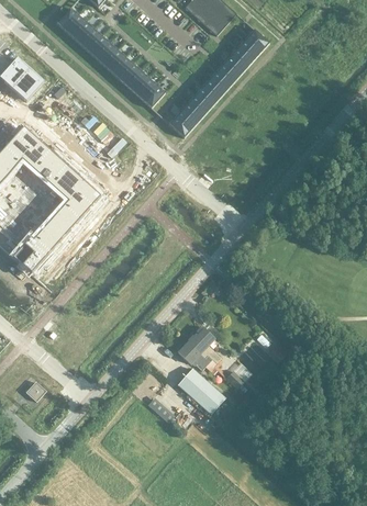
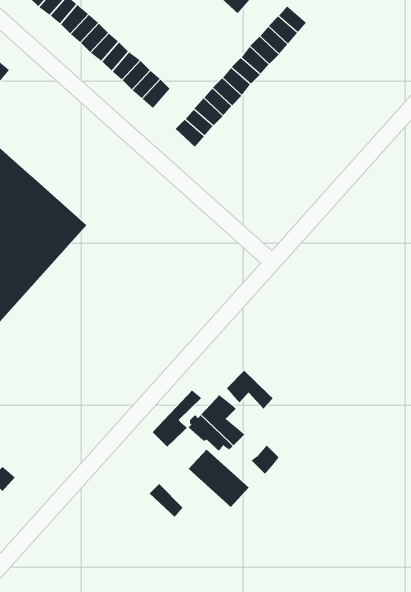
building: none -> [226,370,274,409]
building: none -> [152,390,202,447]

